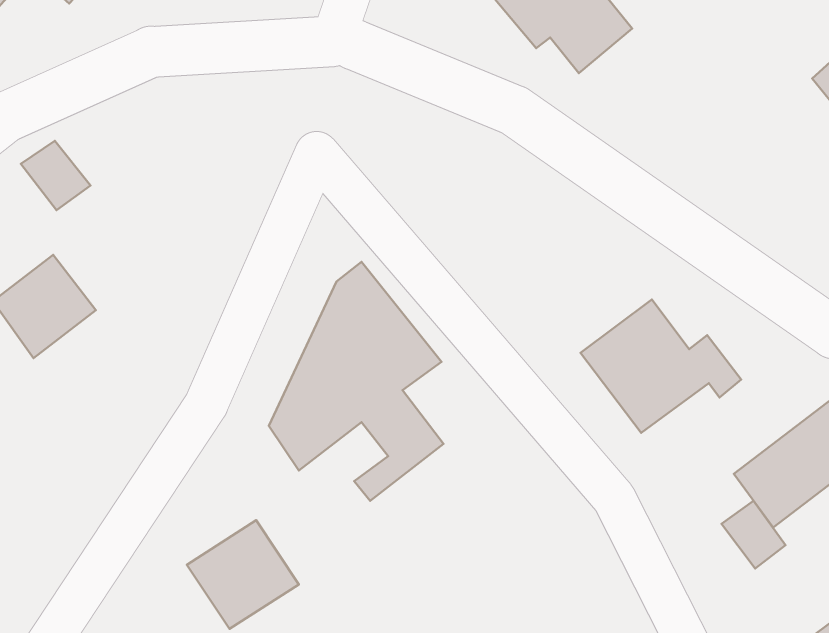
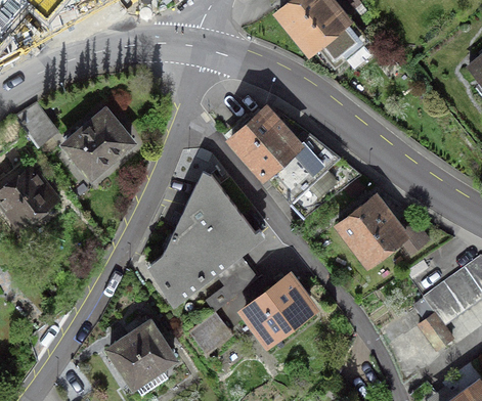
building: none -> [227,108,356,218]
building: none -> [65,110,131,175]
building: none -> [246,279,309,344]
building: none -> [188,311,232,355]

